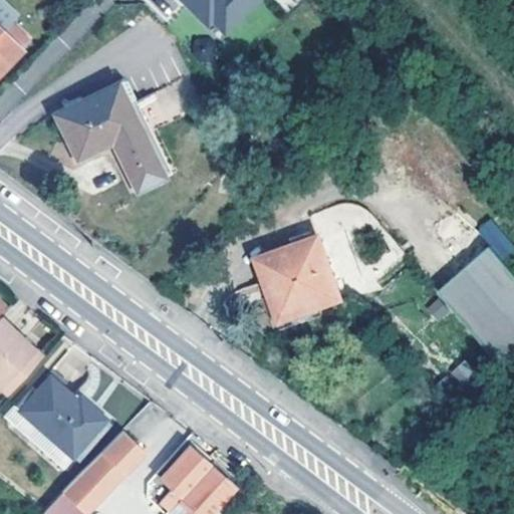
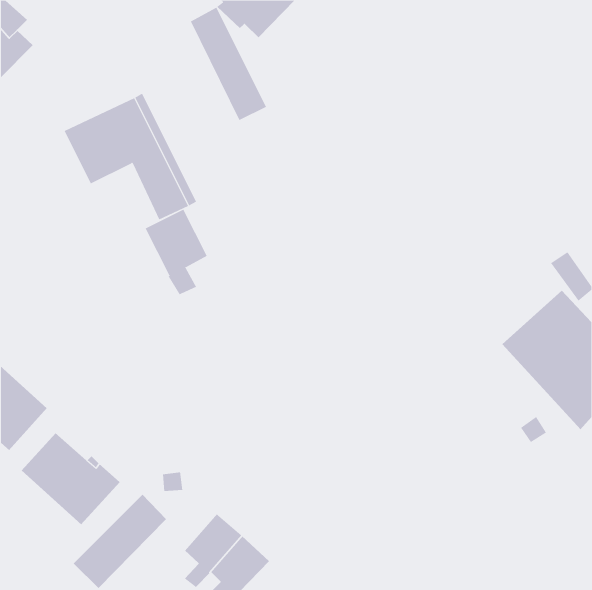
building: none -> [190,7,267,121]
building: none -> [145,209,208,295]
building: [260,241,339,316] -> none

